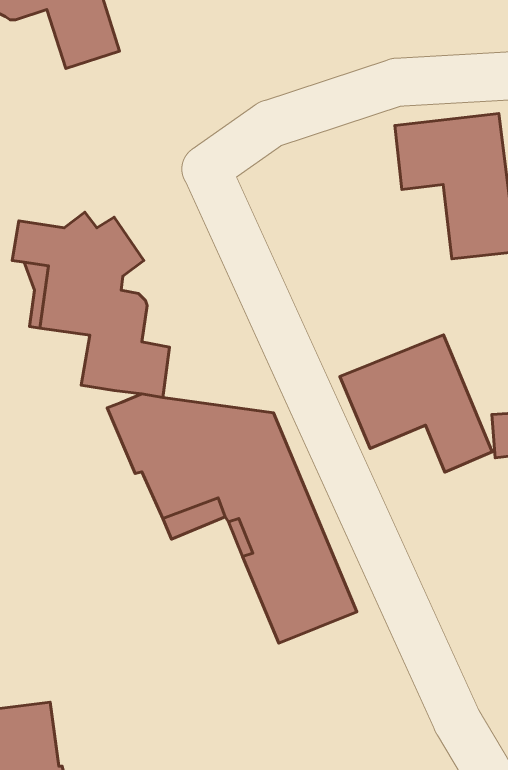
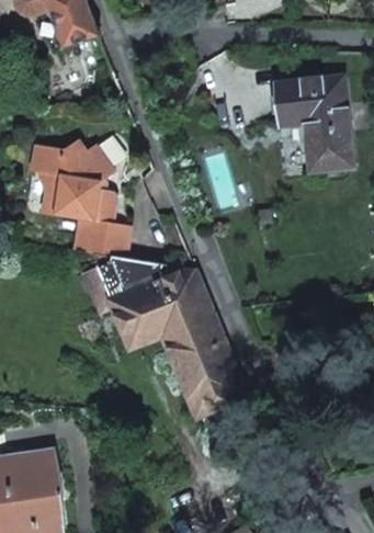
building: [340,335,492,472] -> none

